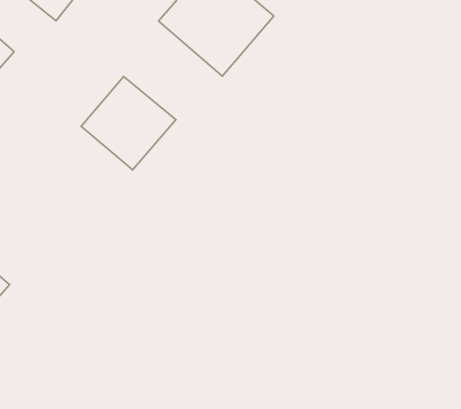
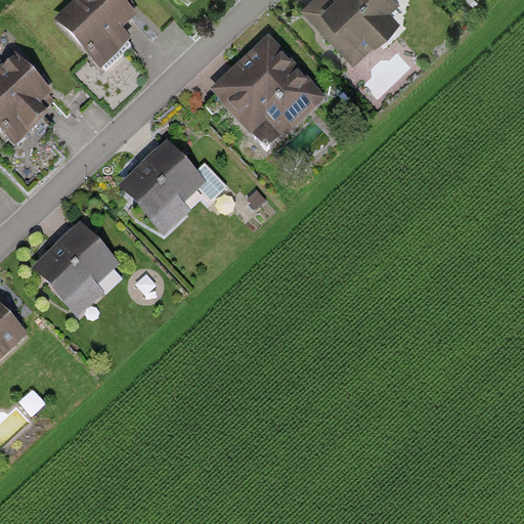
building: none -> [32,220,127,315]

